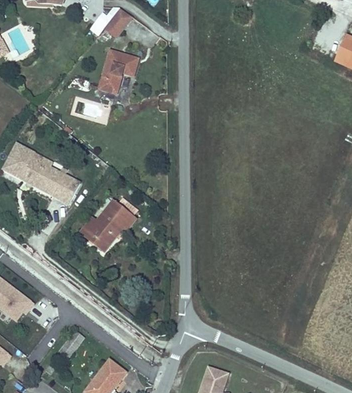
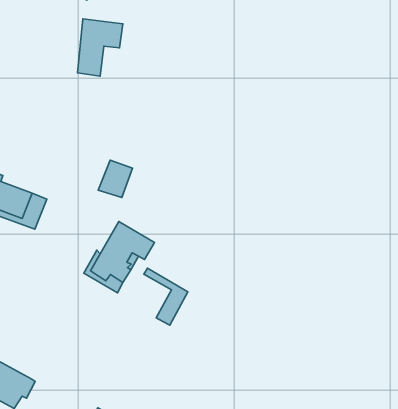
building: [51,175,78,203] -> [98,160,132,198]
building: none -> [144,268,188,325]

